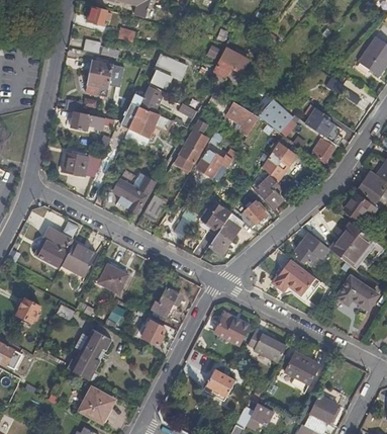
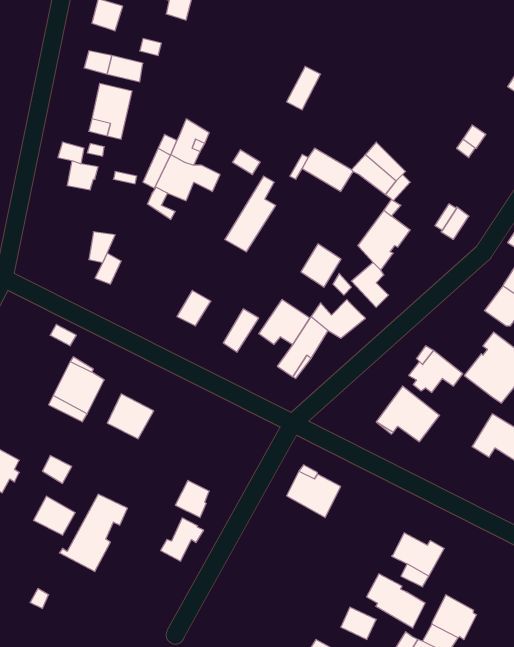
building: [149,55,186,87] -> none
building: [304,108,341,145] -> none
building: [196,149,222,177] -> [301,244,341,287]
building: [62,152,88,175] -> none
building: [112,177,155,212] -> none
building: [35,229,71,265] -> none
building: [152,287,180,316] -> [161,518,204,561]
building: [247,327,285,362] -> [367,574,425,628]
building: none -> [34,496,75,535]
building: [205,368,236,396] -> none
building: [79,387,113,422] -> none

